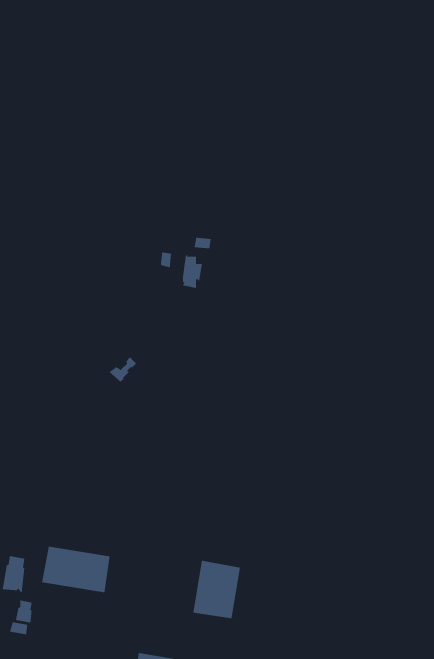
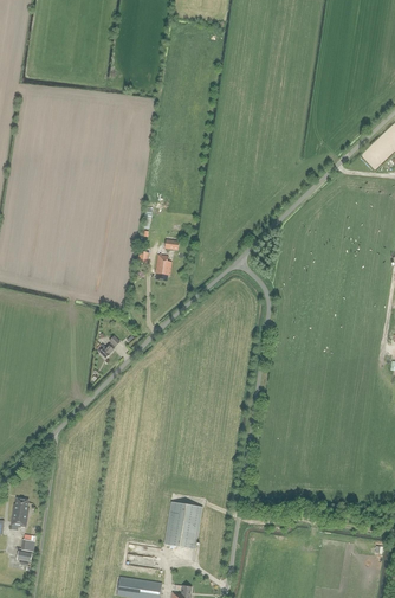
building: [42,546,110,593] -> none

